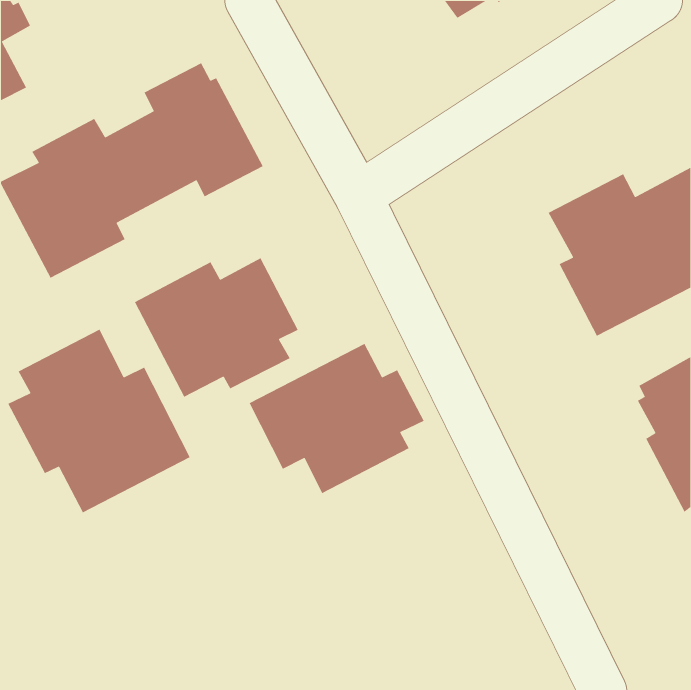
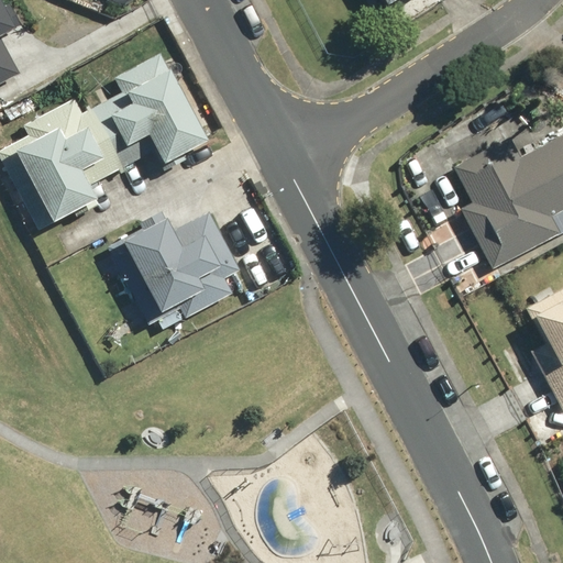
building: [7,328,191,513] -> none
building: [249,343,425,494] -> none

